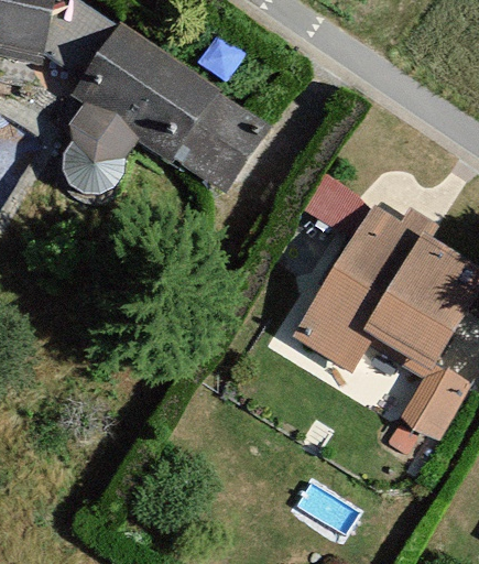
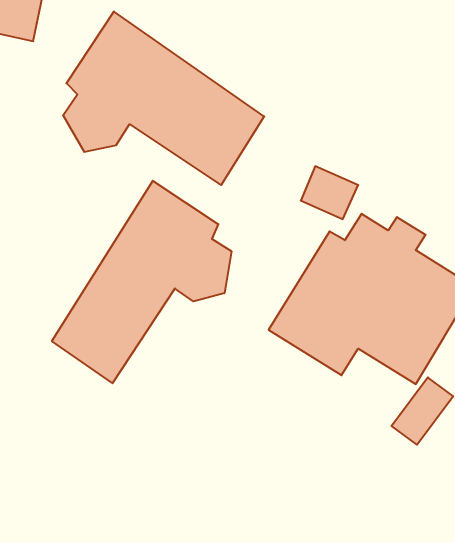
building: none -> [52,181,231,383]

